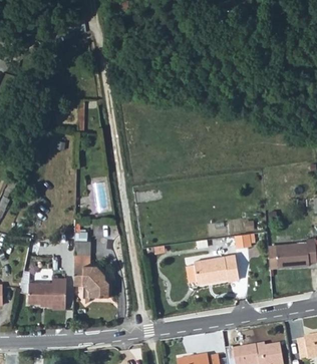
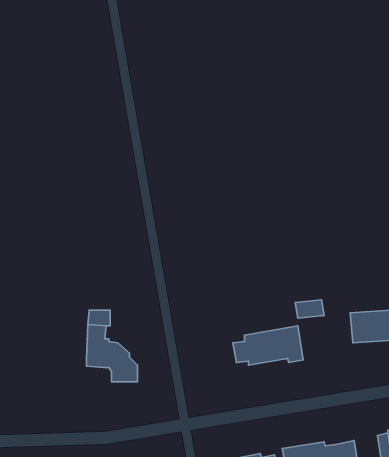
building: [28,277,65,308] -> none

